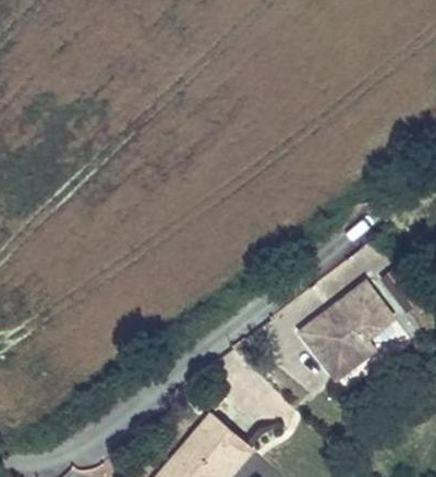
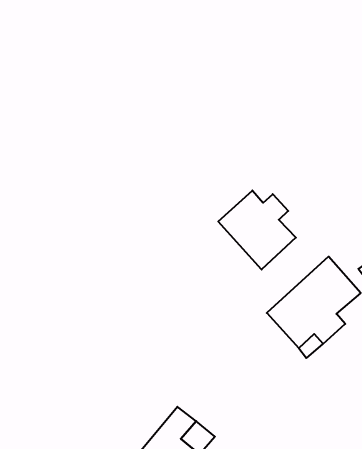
building: none -> [218,190,296,270]

